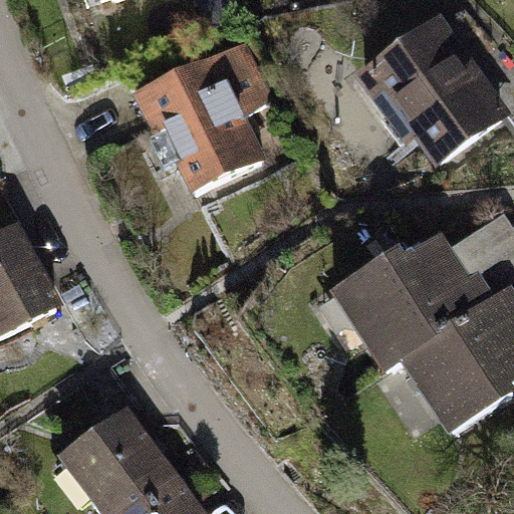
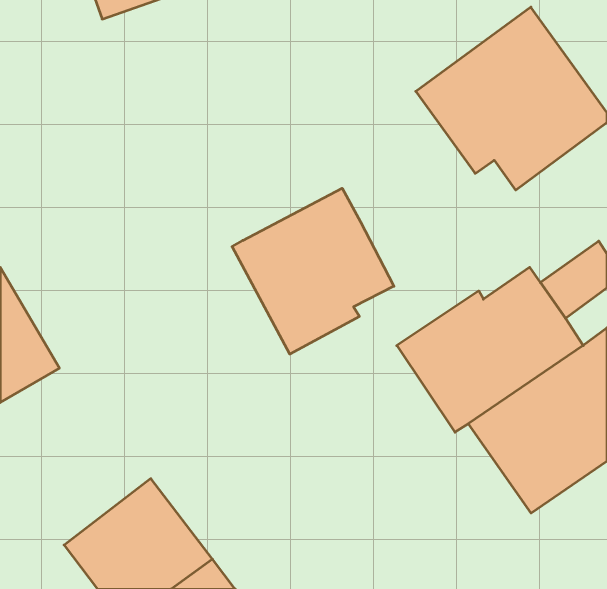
building: [109,37,292,214] -> none
building: none -> [232,188,394,354]

